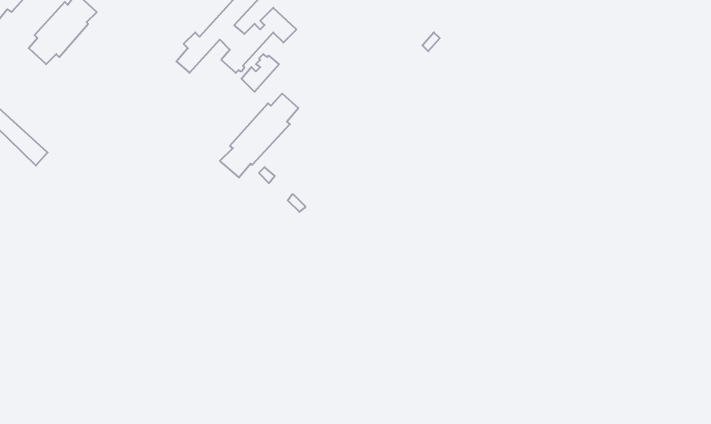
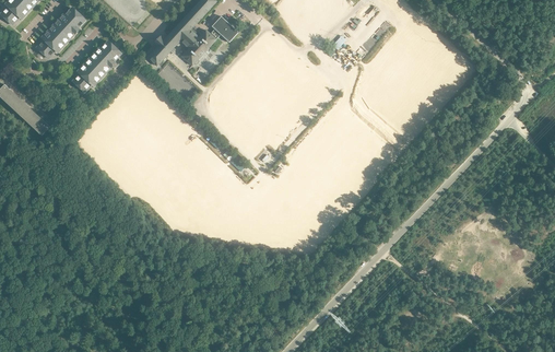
building: none -> [70,39,121,93]
building: [220,94,298,178] -> none

